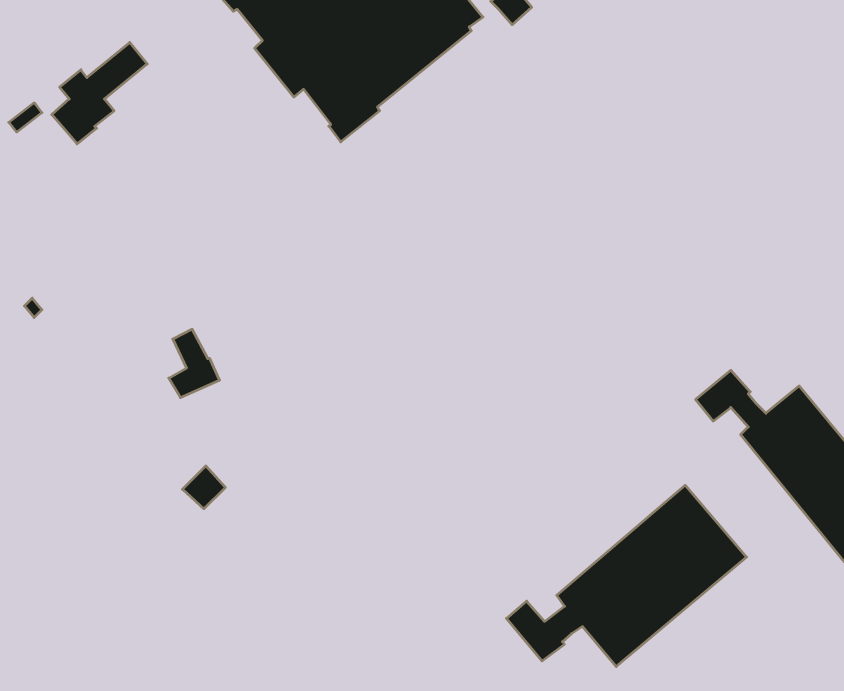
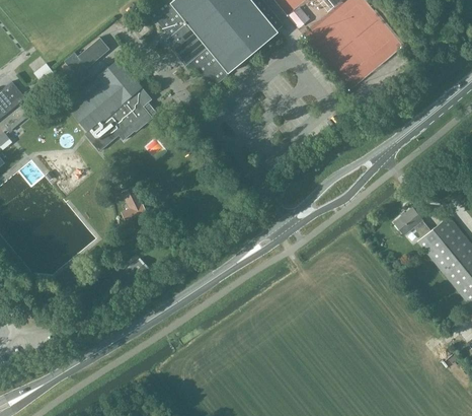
building: none -> [65,59,153,151]
building: [506,485,747,667] -> none

